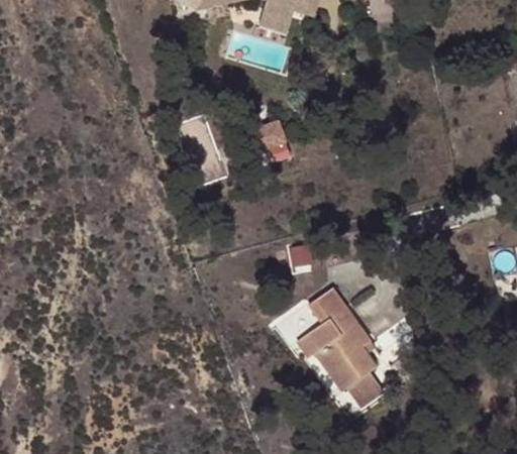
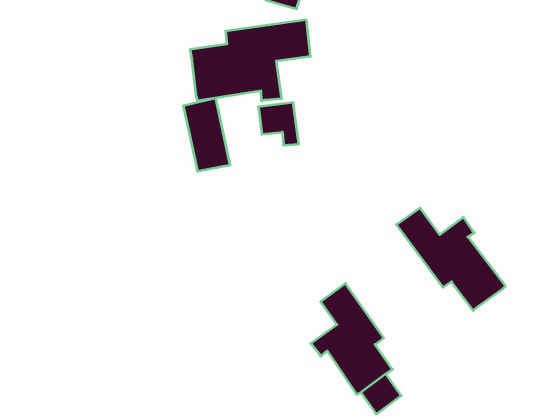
building: none -> [190,20,310,101]
building: none -> [396,208,505,311]

